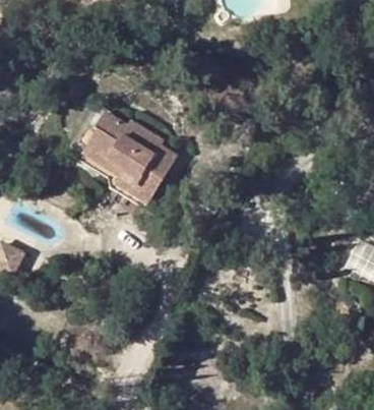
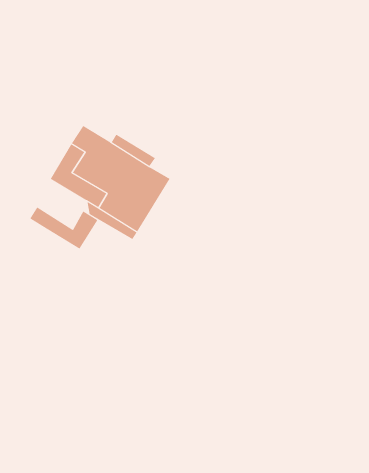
building: none -> [29,207,98,249]

